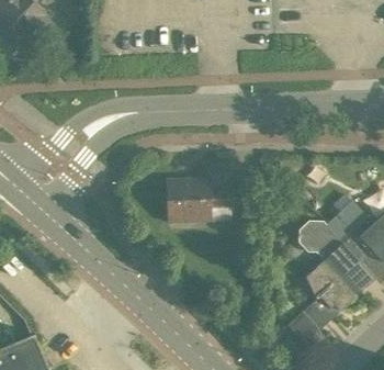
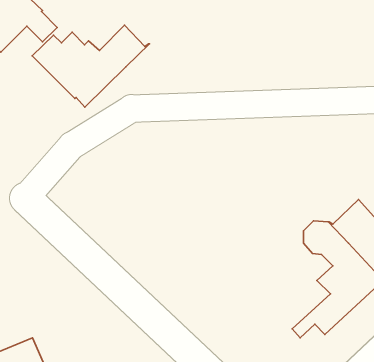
building: none -> [32,25,150,107]
building: [165,178,256,223] -> none

